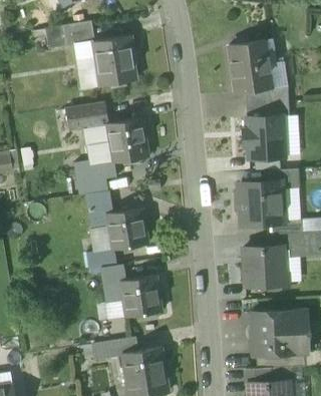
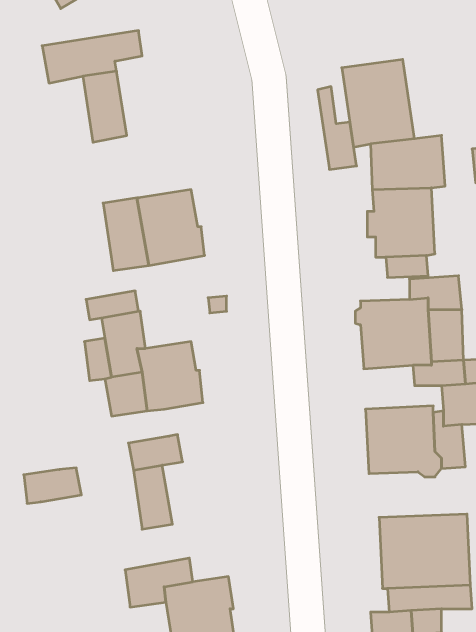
building: [93,35,134,85] -> none
building: [264,38,287,87] -> [318,87,357,169]
building: [64,101,107,128] -> none
building: [73,158,115,182] -> none
building: [91,248,125,269] -> [24,468,81,503]
building: [121,276,160,316] -> none

